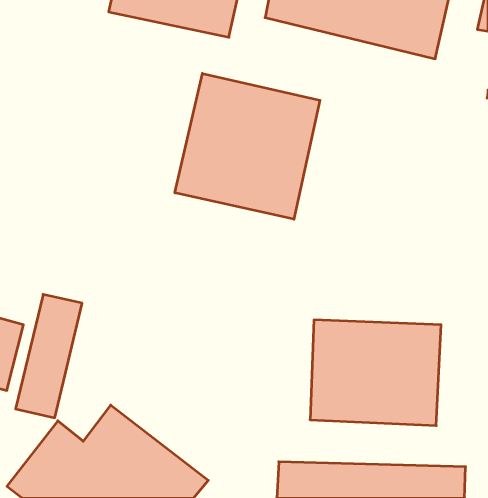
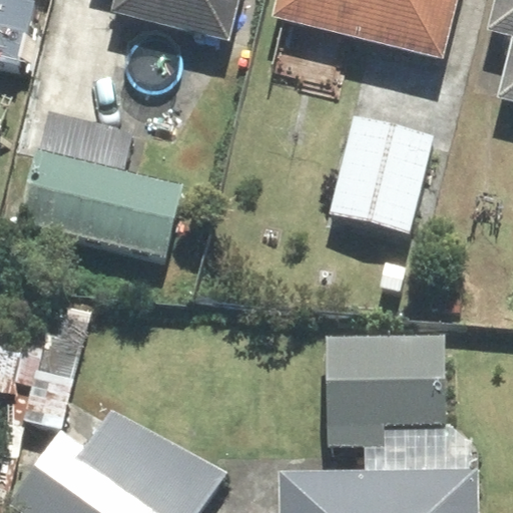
building: [175,73,320,219] -> none
building: none -> [18,112,177,258]
building: none -> [329,118,435,238]

